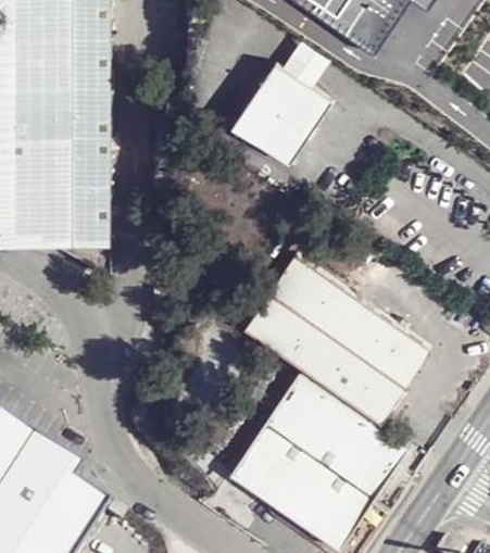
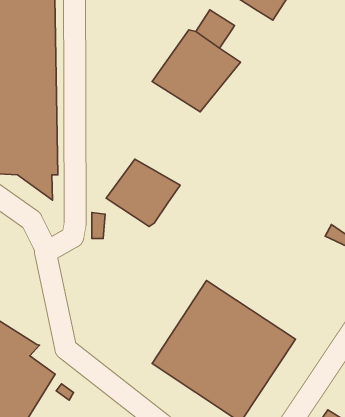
building: none -> [106,159,180,227]
building: [240,259,427,426] -> none

